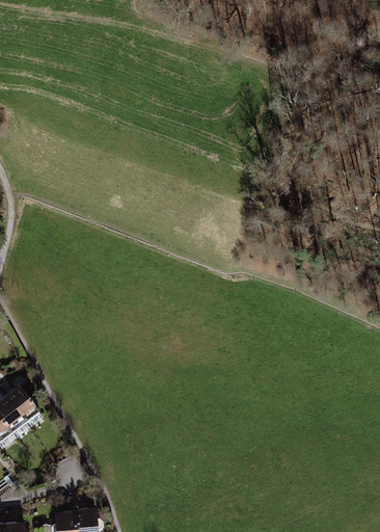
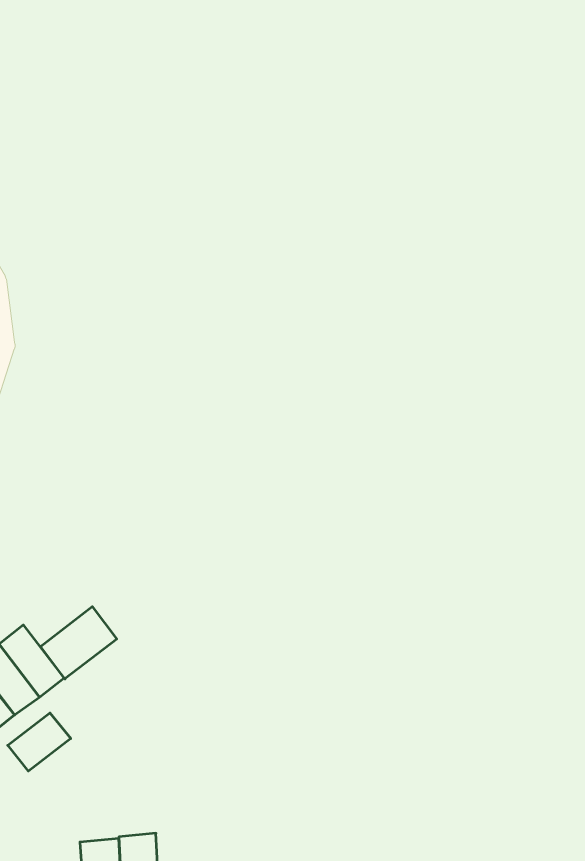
building: none -> [40,607,117,679]
building: none -> [8,713,71,771]

